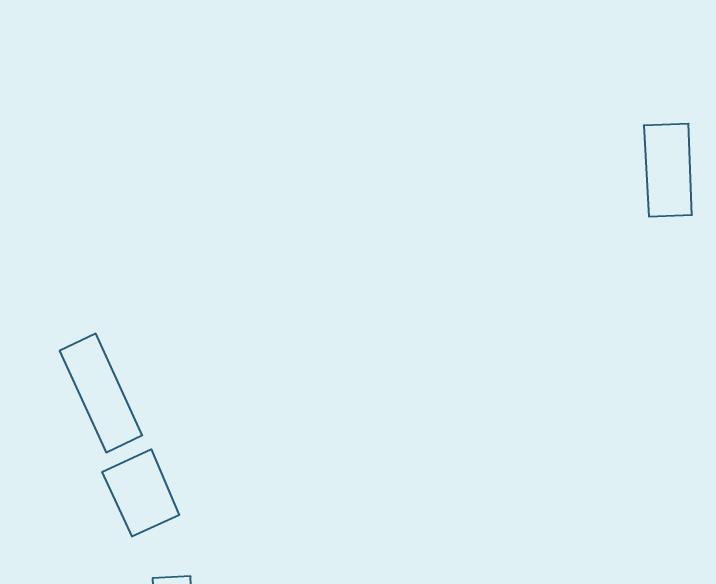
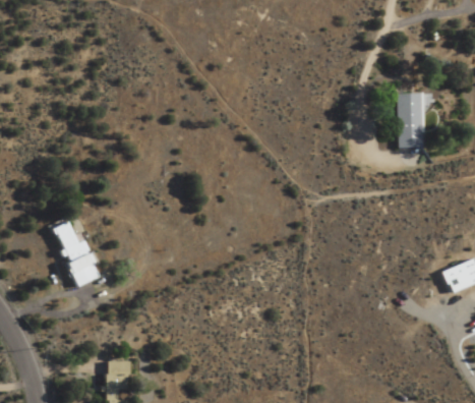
building: [102,449,179,537] -> none

